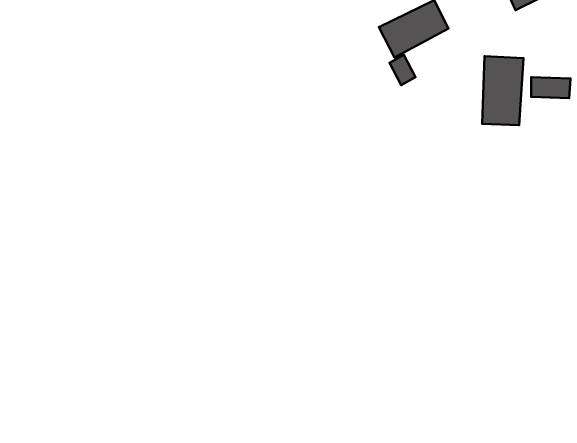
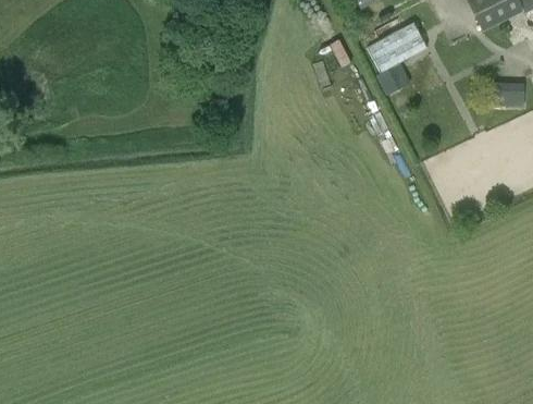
building: [482,56,523,125] -> none

